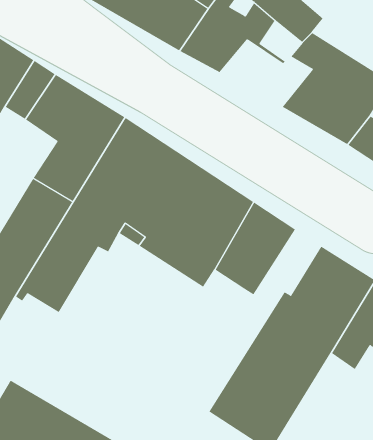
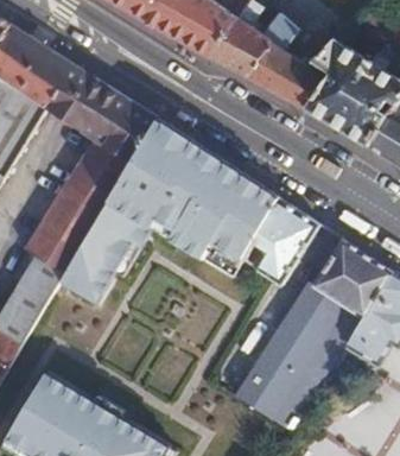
building: none -> [247,46,334,109]

